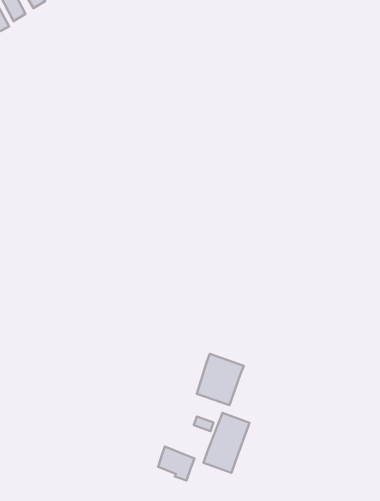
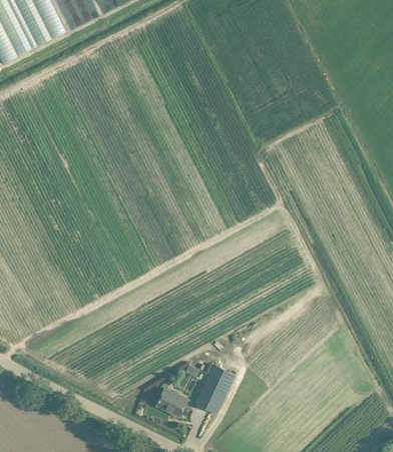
building: [197,354,244,405] -> none

